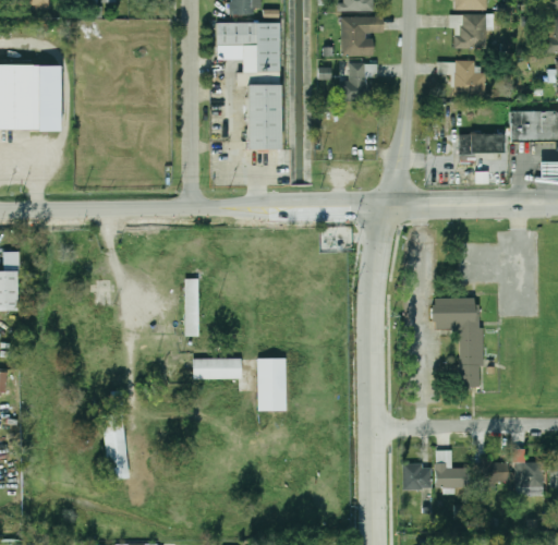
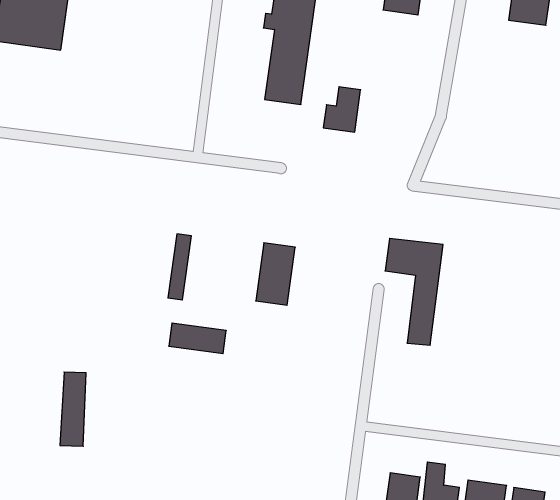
building: [454,61,485,96] -> none
building: [340,63,368,101] -> [323,87,361,132]
building: [458,134,502,152] -> none
building: [432,298,481,389] -> [385,238,443,345]
building: [257,359,286,411] -> [256,243,295,305]

